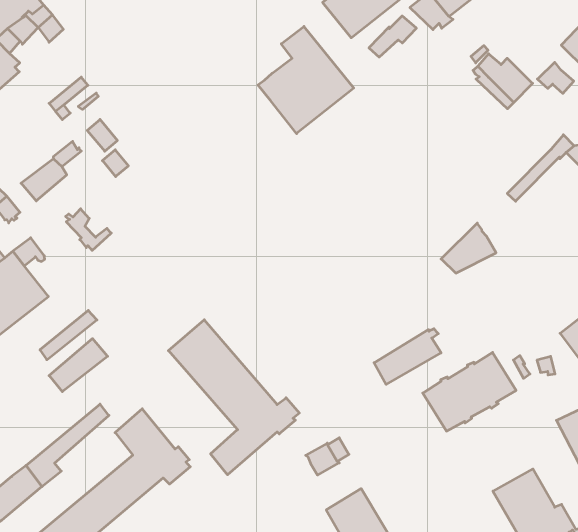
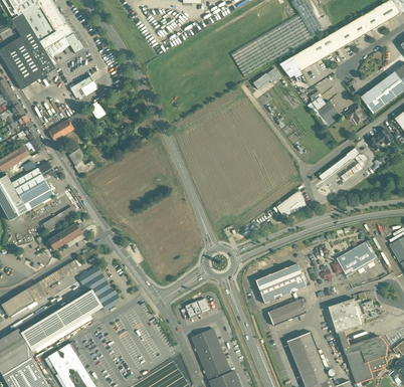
building: [258,26,354,134] -> none
building: [168,320,299,475] -> none
building: [374,329,441,384] -> [267,298,306,325]

